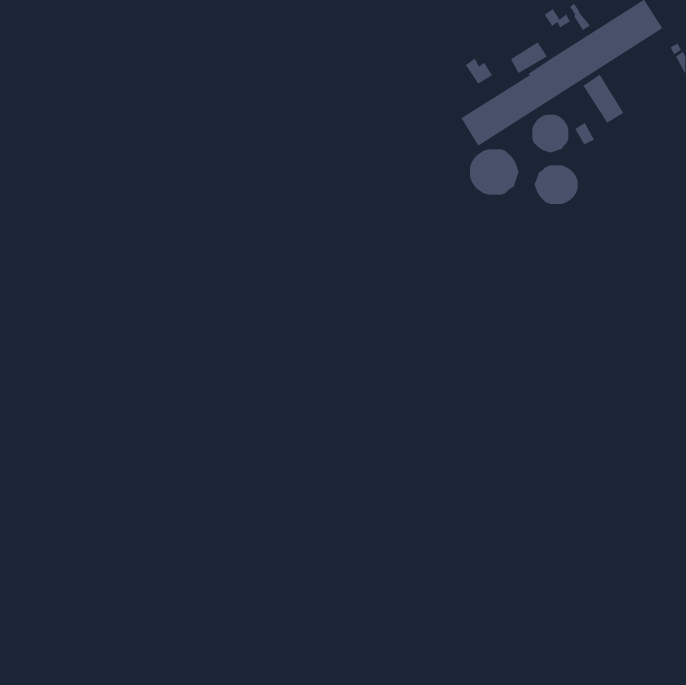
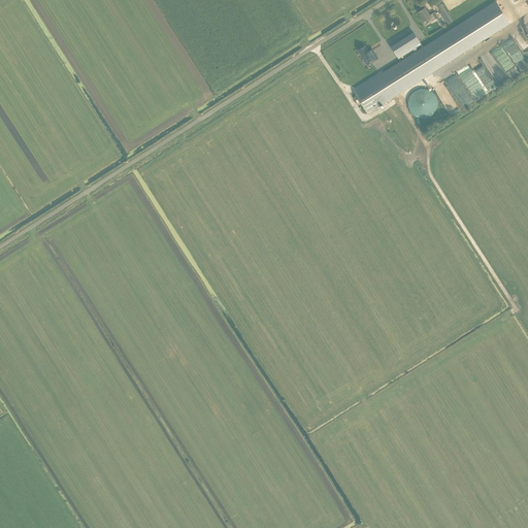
building: [470,149,519,195] -> none
building: [534,165,578,205] -> none

